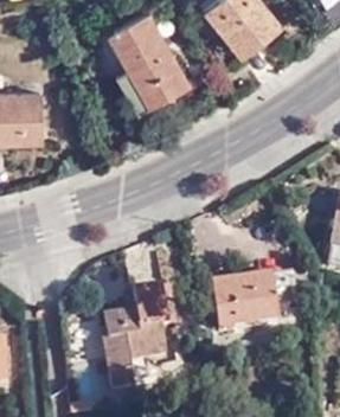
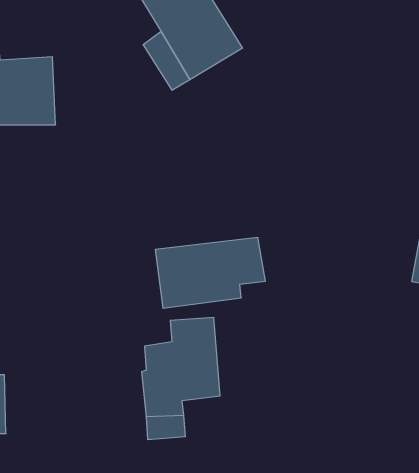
building: [210,272,296,328] -> [155,238,265,308]

